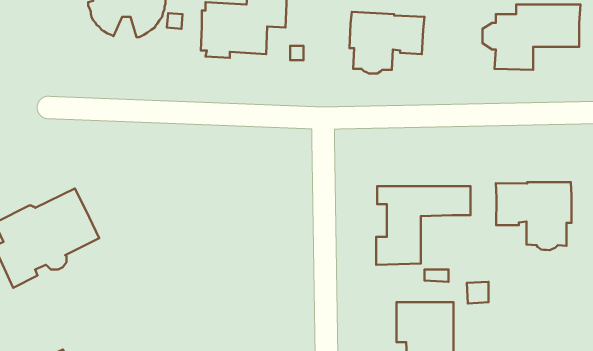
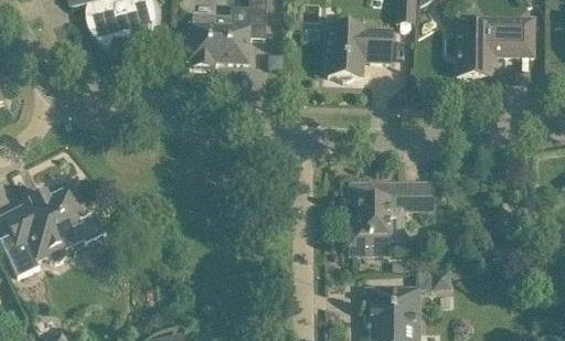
building: [496,182,572,250] -> none

